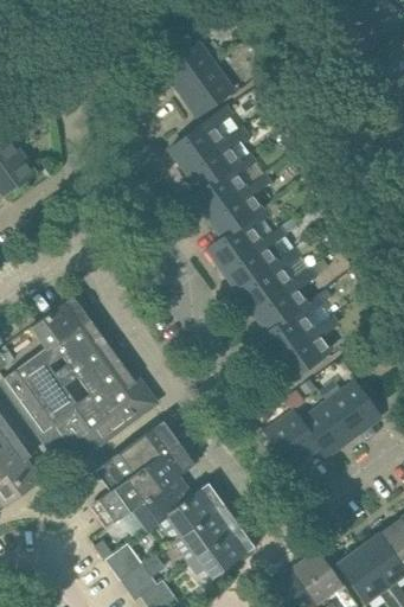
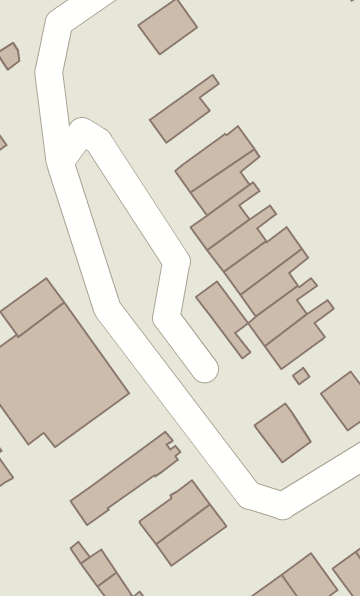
building: [178,63,232,116] -> none
building: [184,127,248,190] -> none
building: none -> [196,281,250,358]
building: [301,402,352,456] -> none
building: [101,420,182,487] -> none
building: [129,474,193,528] -> none
building: [188,525,255,577] -> none

